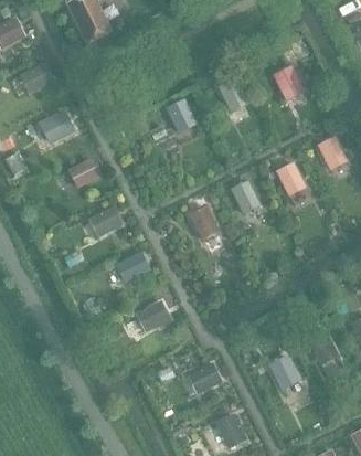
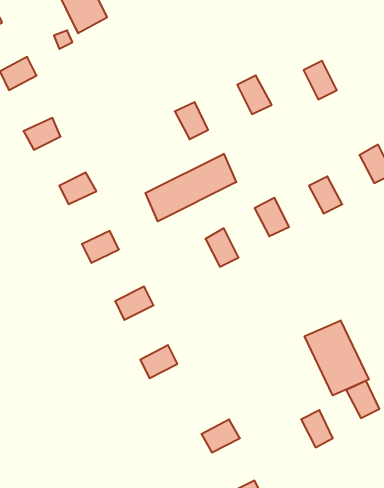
building: none -> [145,154,236,221]
building: none -> [305,320,369,395]

